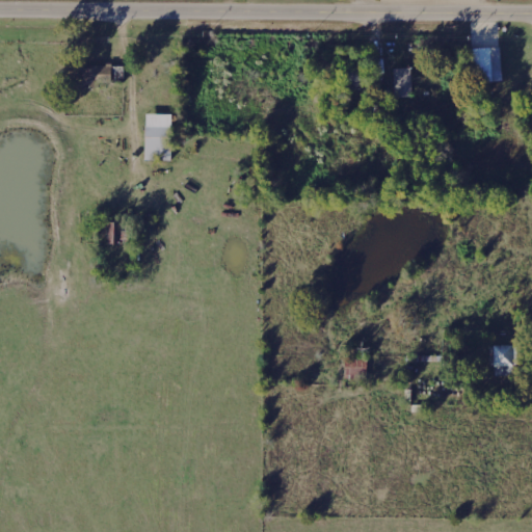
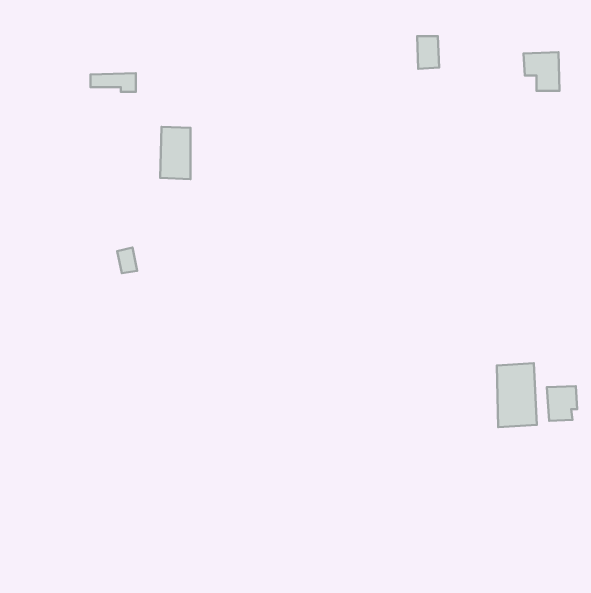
building: [392,68,411,97] -> [417,36,439,69]
building: none -> [497,363,537,427]

